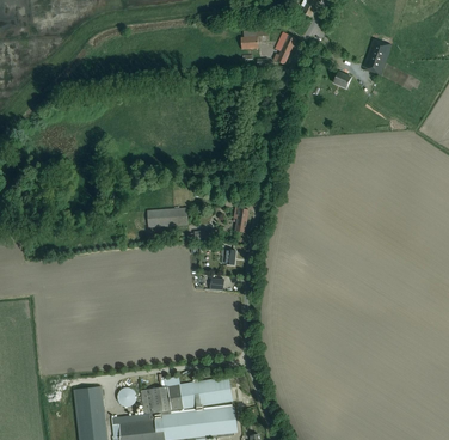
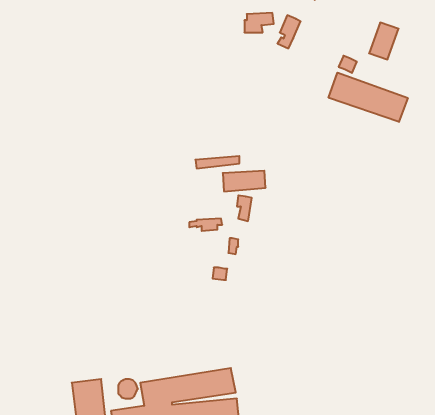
building: none -> [329,73,408,122]
building: [147,207,189,227] -> [223,171,266,191]

